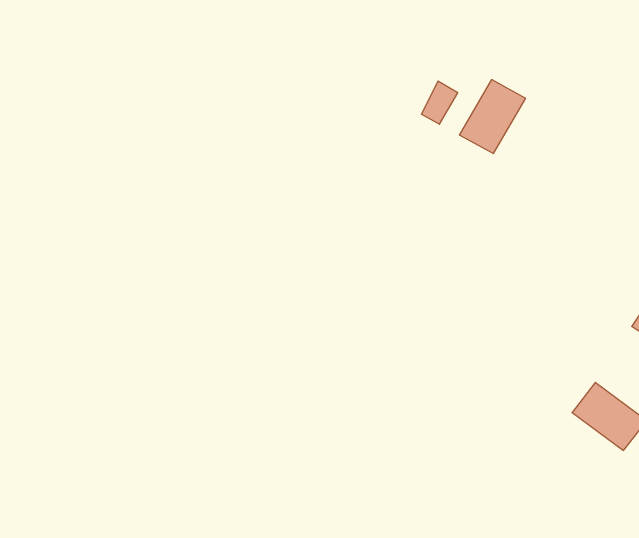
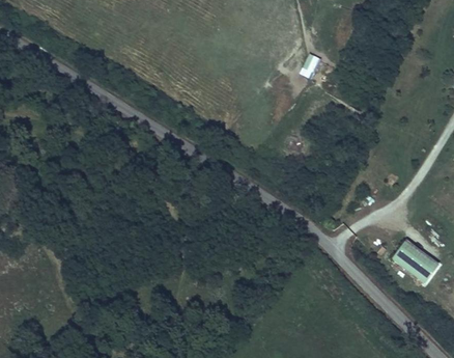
building: [460,80,525,154] -> none

